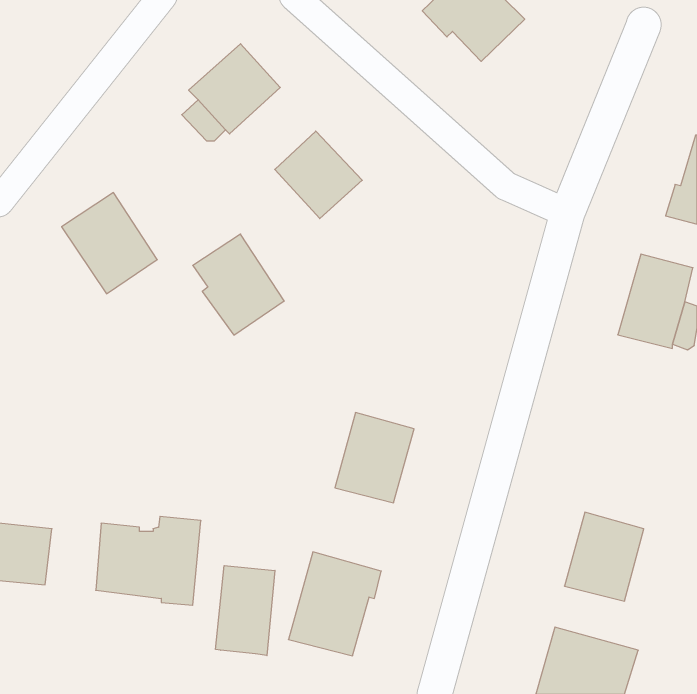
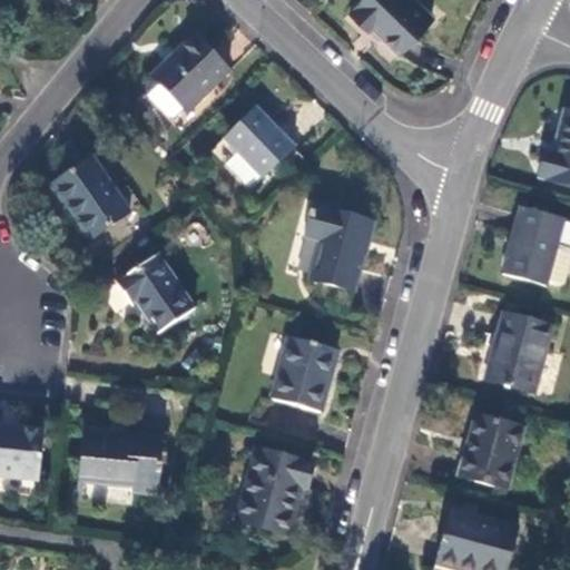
building: [193,234,284,335] -> [118,254,193,336]
building: none -> [303,199,371,291]
building: none -> [487,313,553,393]
building: [216,566,275,656] -> none

